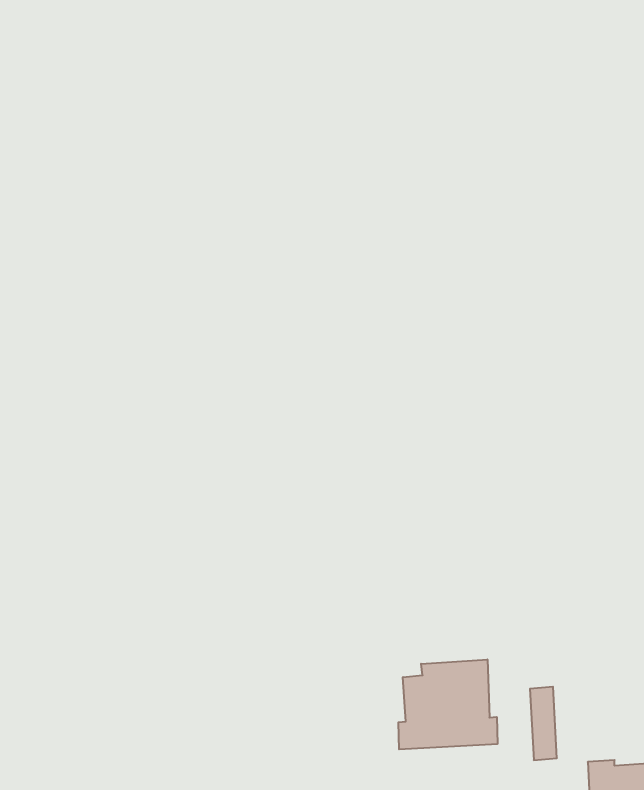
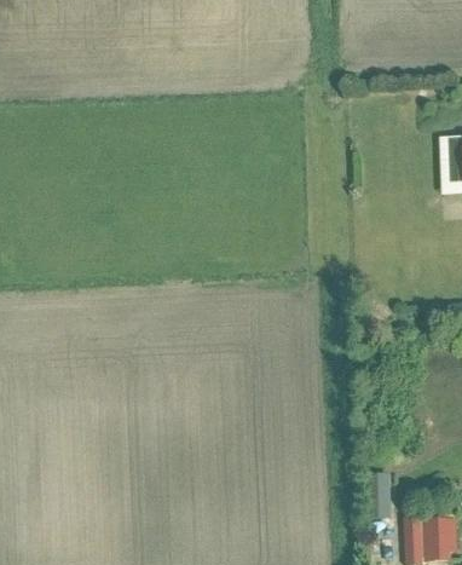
building: [398,659,497,749] -> none

